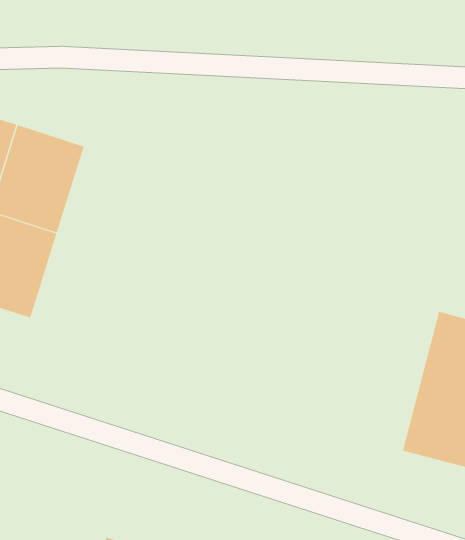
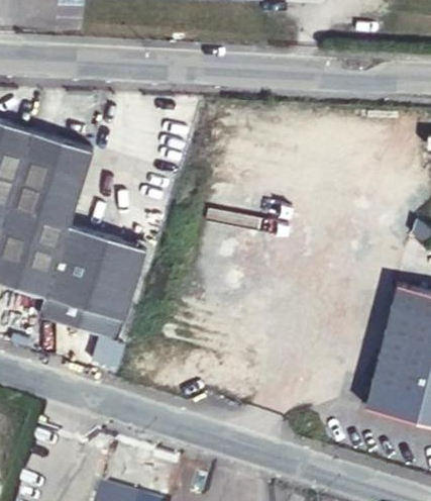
building: none -> [35,221,144,342]

